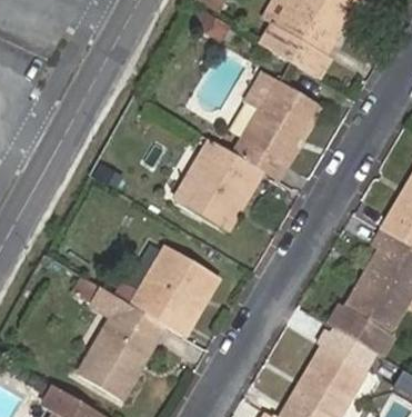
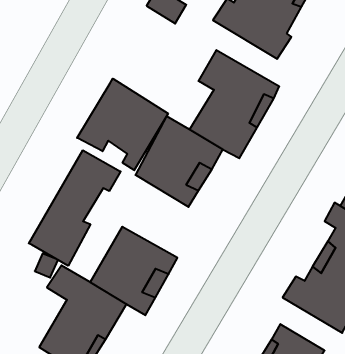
building: none -> [77,79,168,170]
building: none -> [29,150,121,266]

